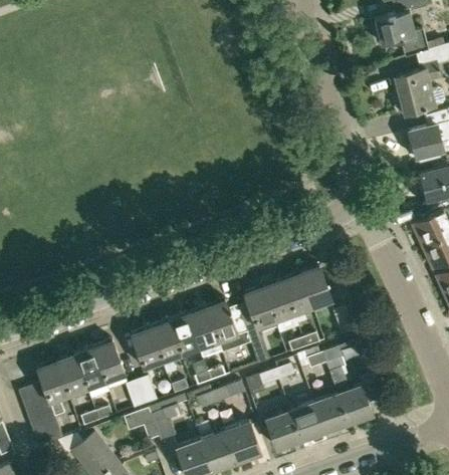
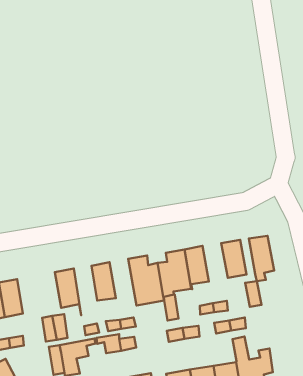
building: [280,273,312,322] -> [249,236,274,281]
building: [186,306,218,357] -> none
building: [150,320,180,374] -> none
building: [92,340,124,383] -> none

